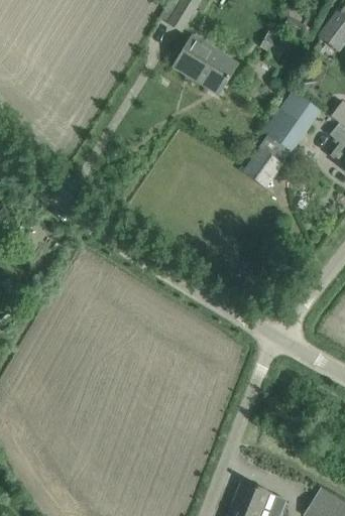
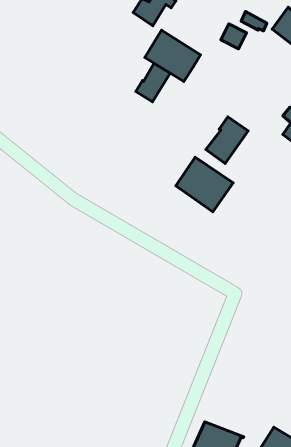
building: none -> [136,63,170,102]
building: [263,92,319,150] -> none
building: none -> [176,157,233,212]

